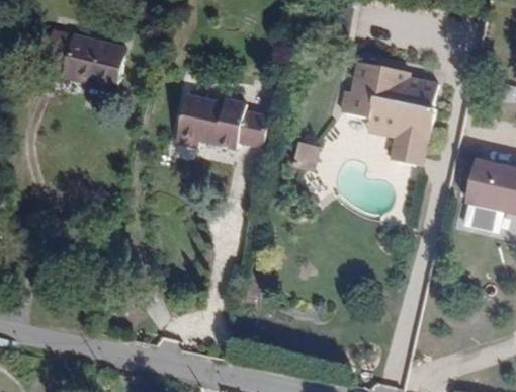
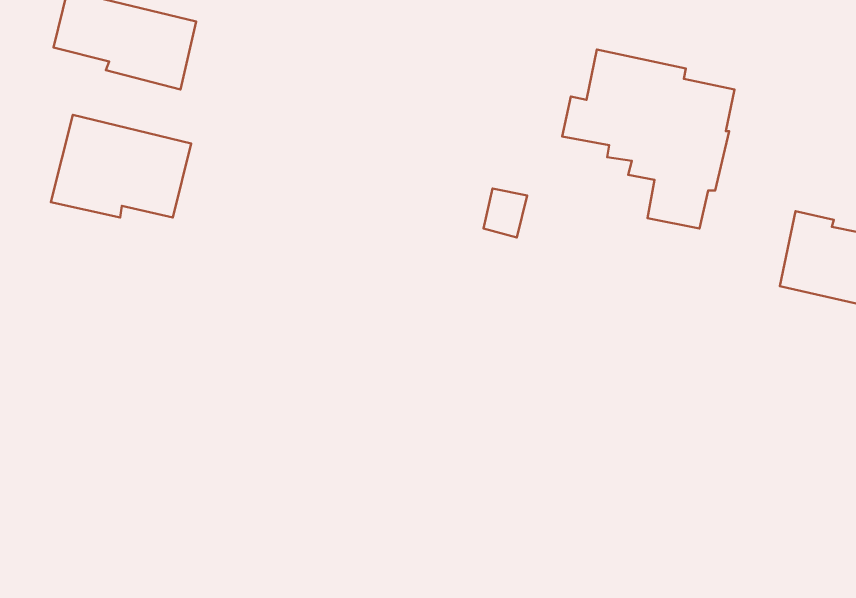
building: [151,99,268,157] -> none
building: none -> [51,115,191,218]

